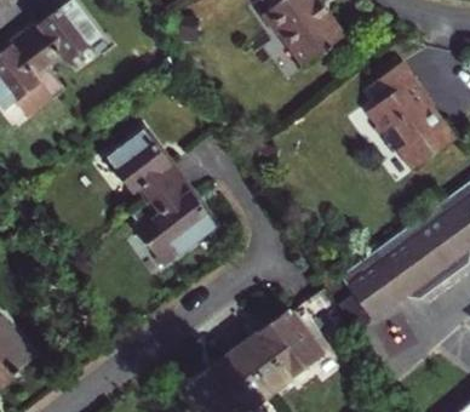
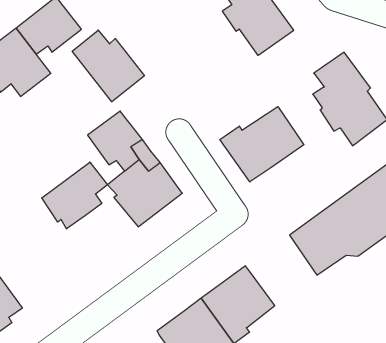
building: none -> [72,30,144,102]
building: none -> [220,107,304,182]
building: none -> [42,162,108,229]

